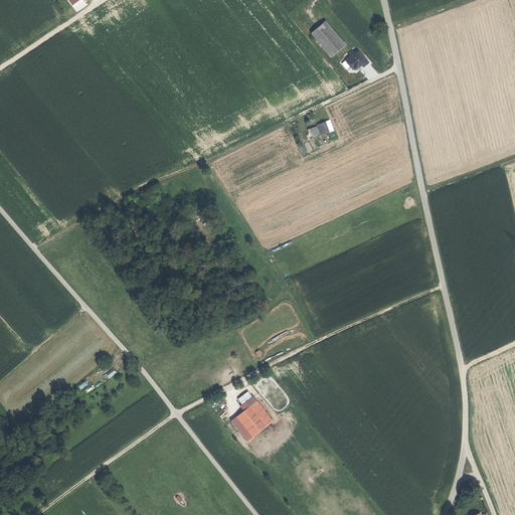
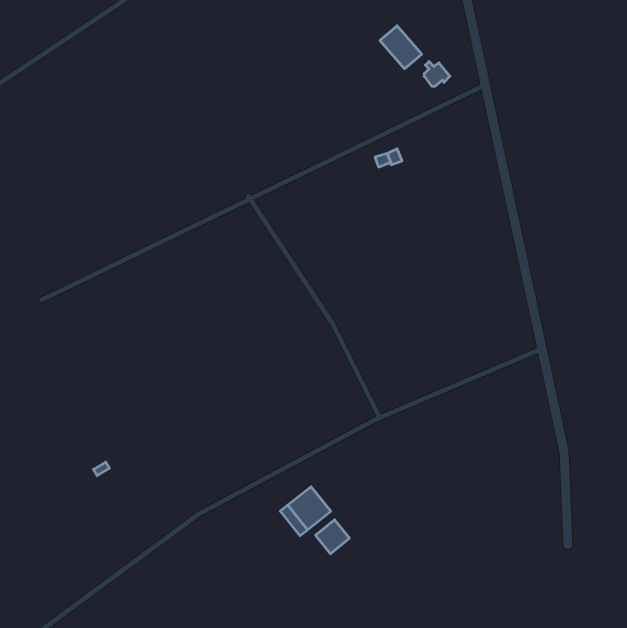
building: none -> [316,520,349,554]

